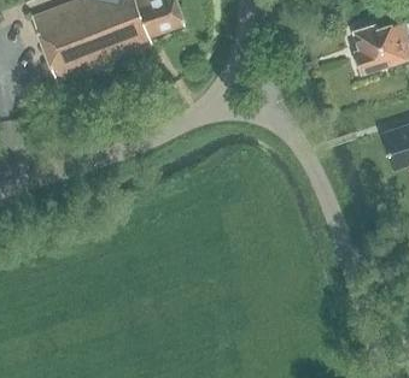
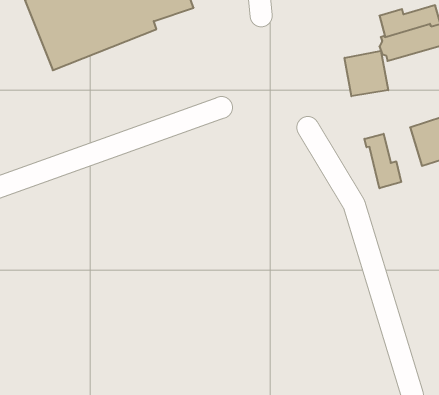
building: none -> [345,51,388,96]
building: none -> [364,134,401,188]

